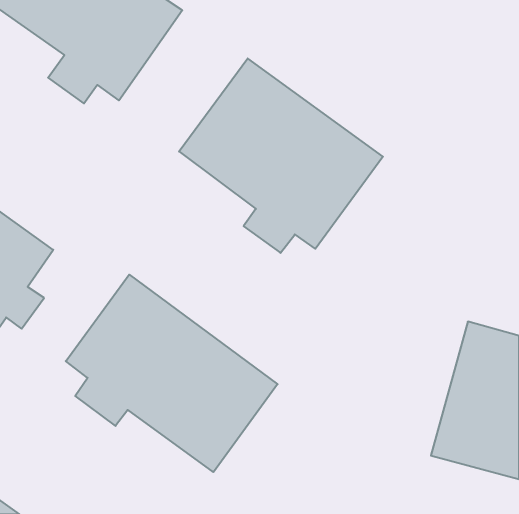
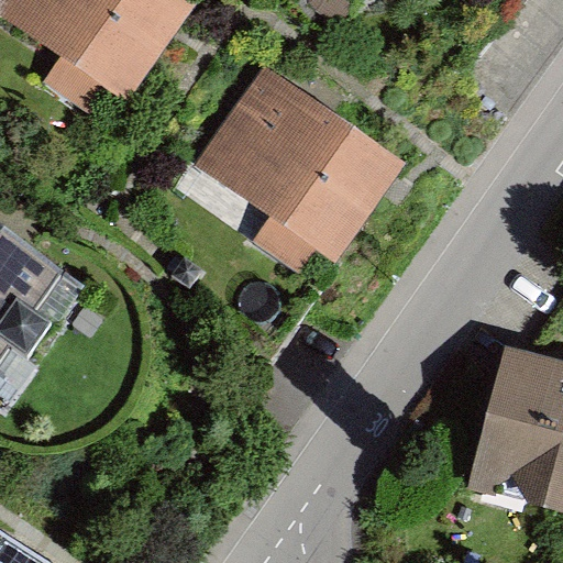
building: [66,275,278,472] -> none

